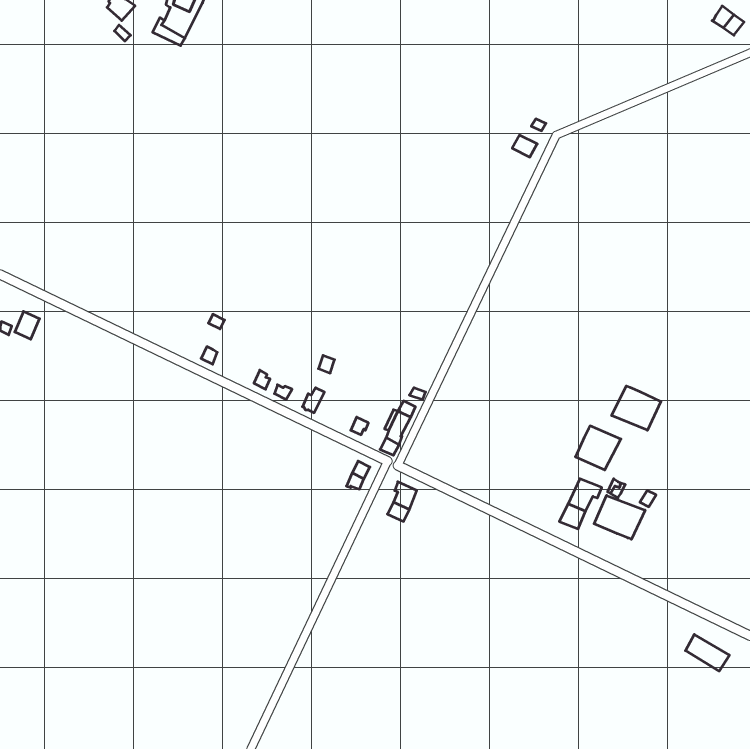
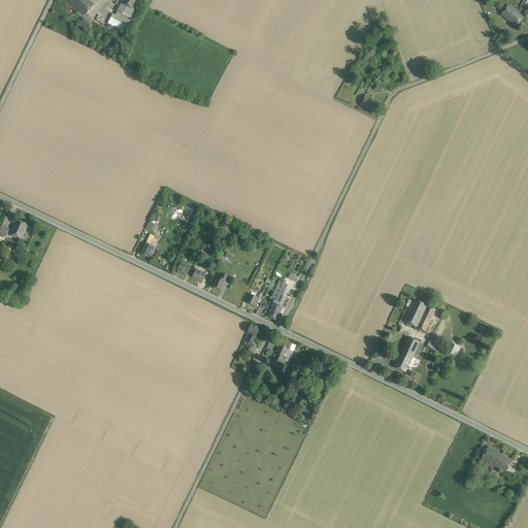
building: [612,386,661,430] -> none
building: [594,495,645,539] -> none

